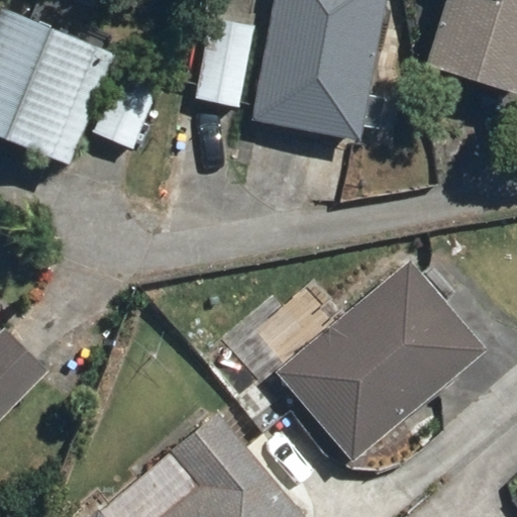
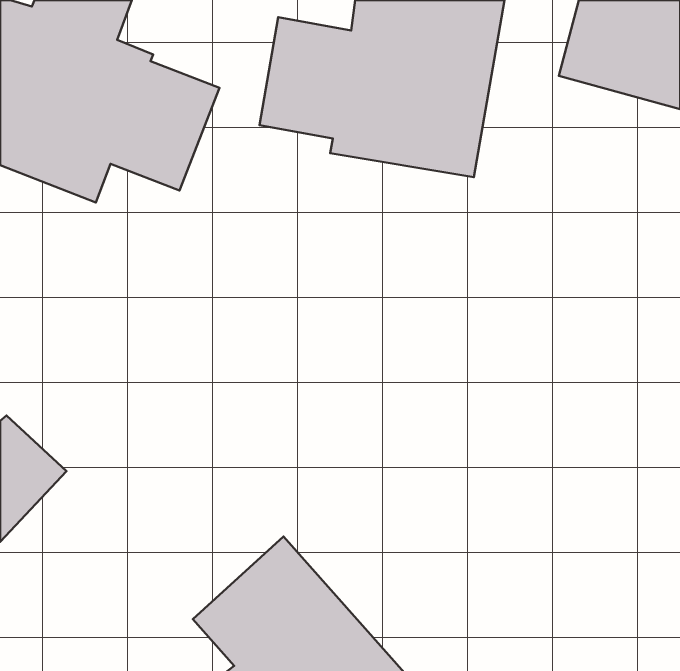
building: [274,257,485,463] -> none

